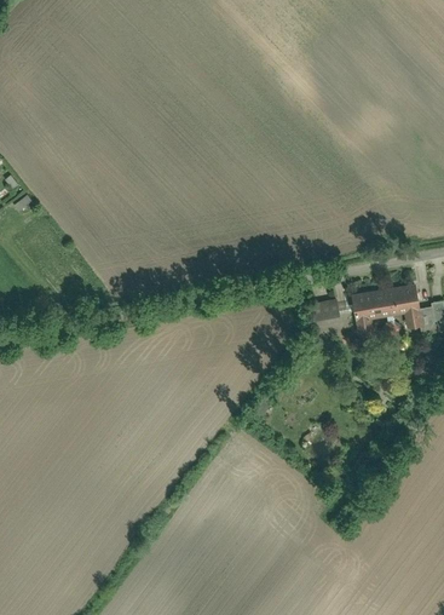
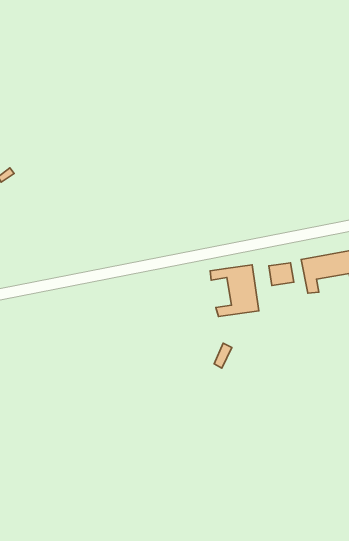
building: none -> [210,265,259,317]

